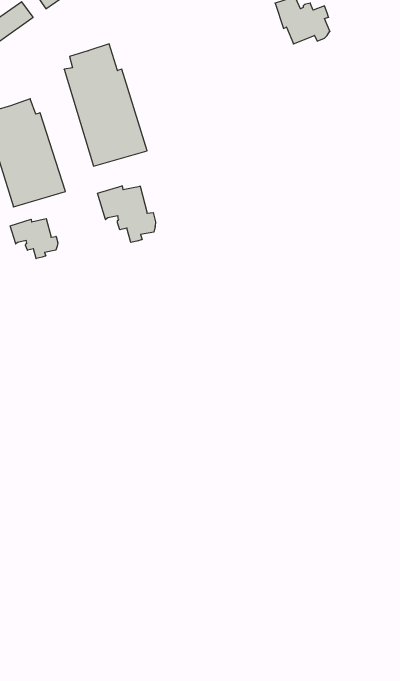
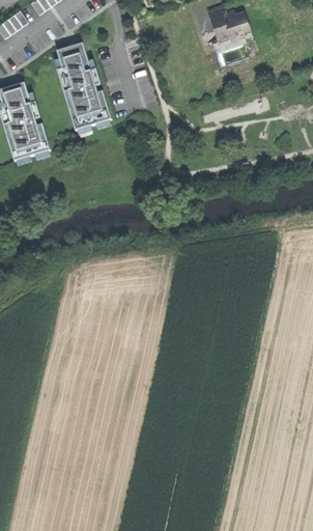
building: [98,186,156,242] -> none
building: [10,219,58,259] -> none

